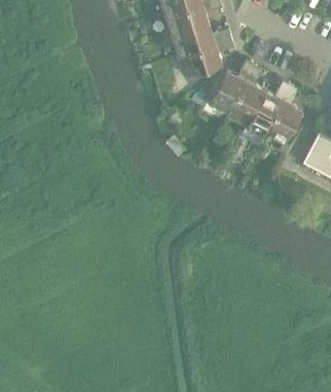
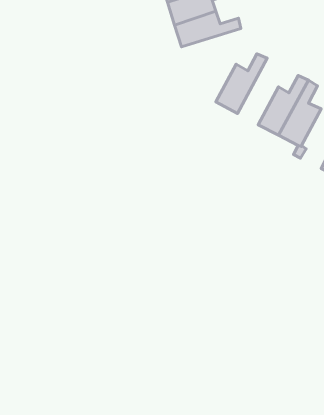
building: [176,36,232,74] -> none
building: [226,63,263,122] -> none

